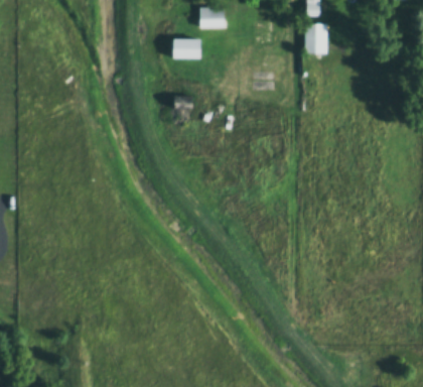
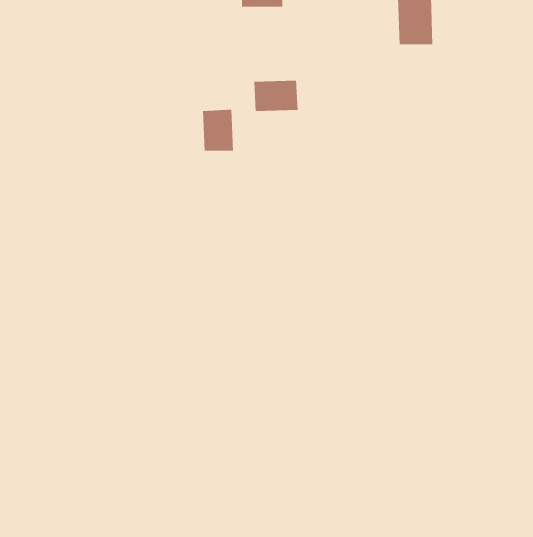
building: [170,37,200,58] -> [253,80,298,112]

